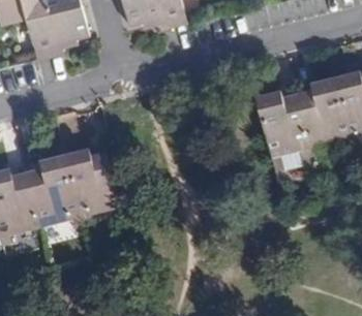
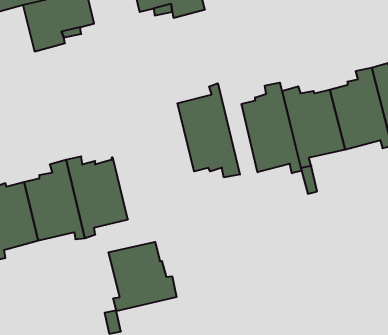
building: none -> [242,83,301,173]
building: none -> [178,83,240,177]
building: none -> [108,242,176,311]

